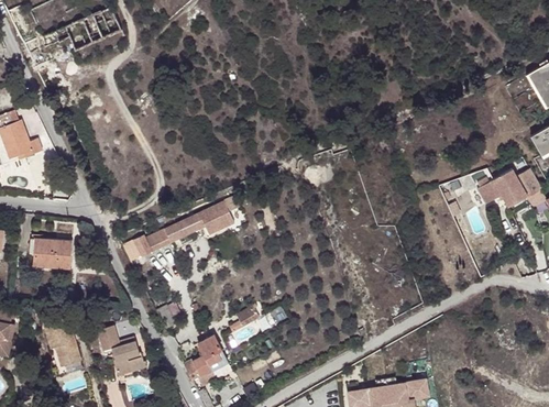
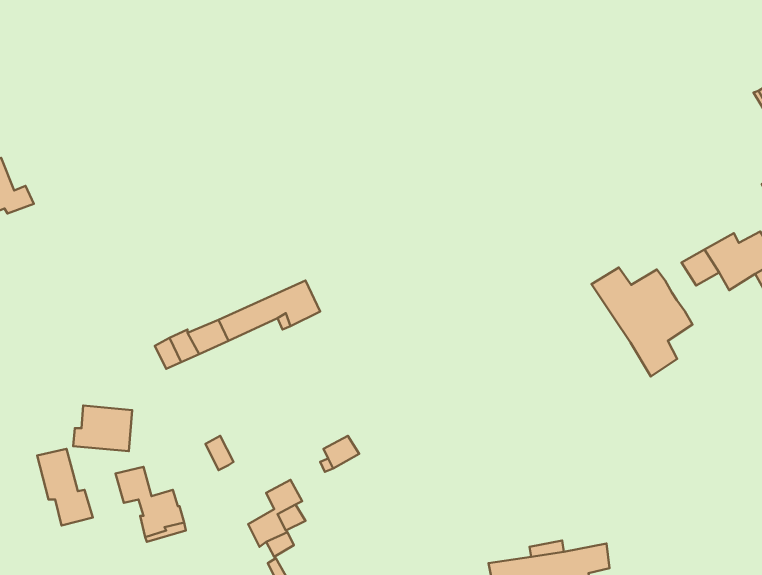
building: none -> [591,267,693,377]
building: [32,237,72,267] -> [73,405,132,451]

